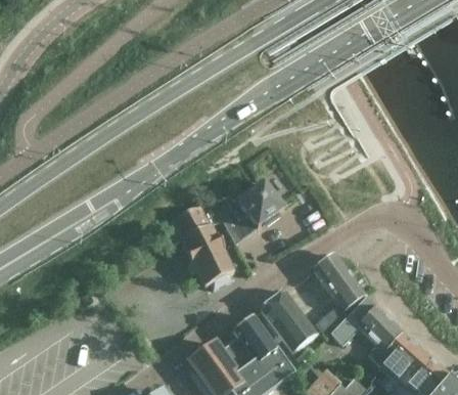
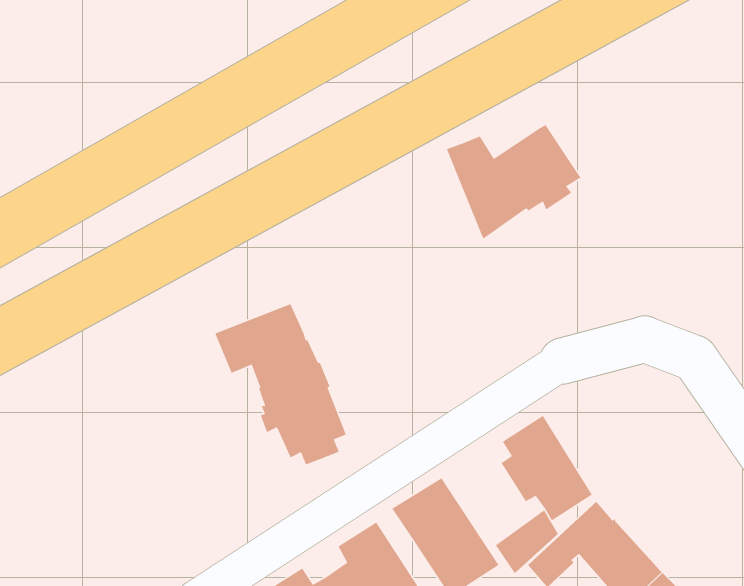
building: [212,181,283,244] -> [446,124,581,240]

